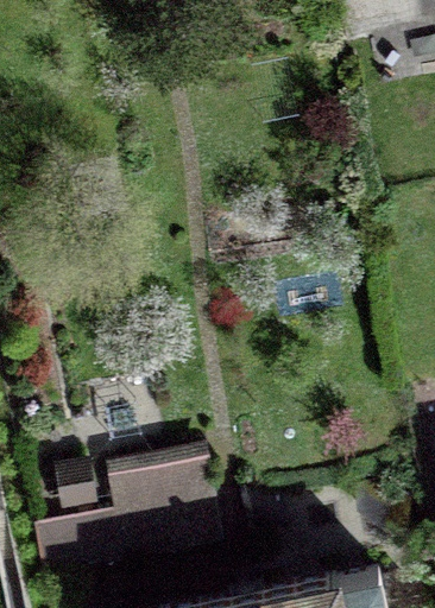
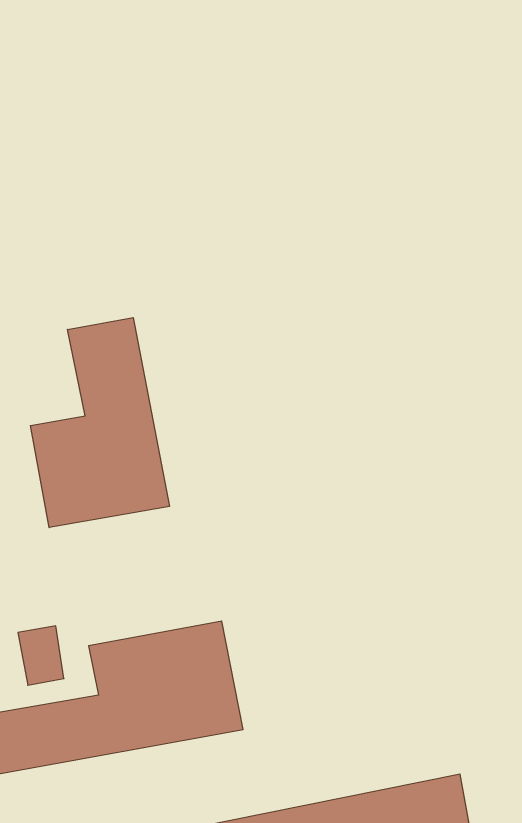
building: none -> [30,318,169,528]

